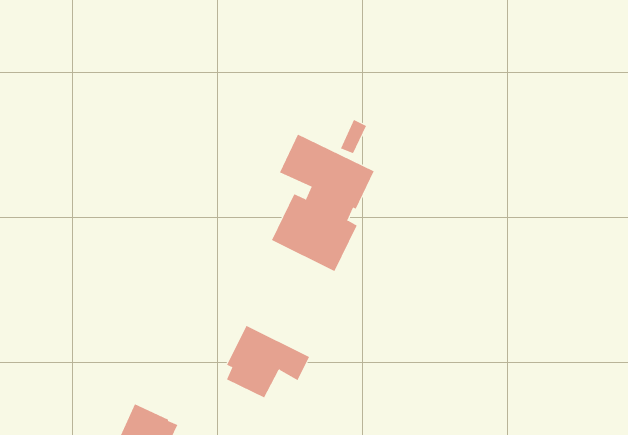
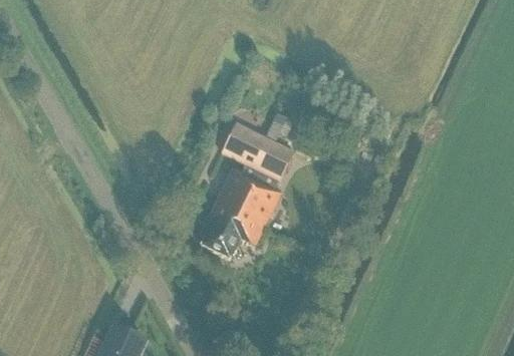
building: [226,325,310,398] -> [202,203,265,258]

